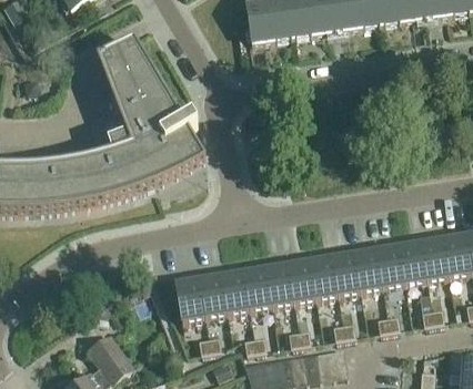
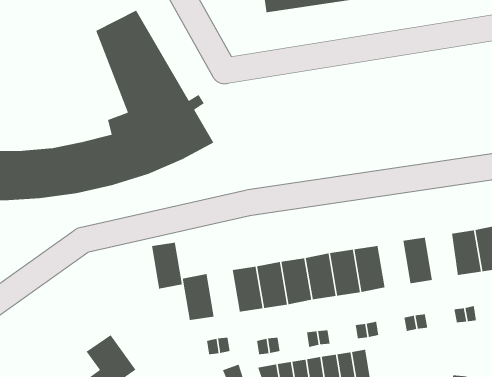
building: [397,242,426,285] -> none
building: [354,248,383,291] -> none
building: [199,275,228,318] -> [151,242,183,290]

